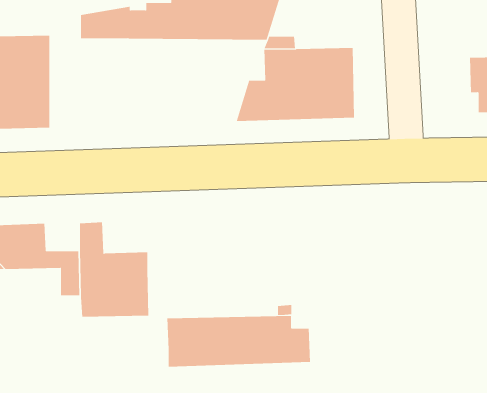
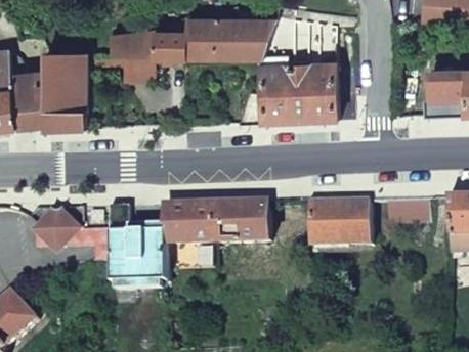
building: none -> [86,56,150,81]
building: none -> [386,199,428,224]
building: none -> [307,201,370,248]
building: [166,316,311,367] -> [165,203,283,245]

